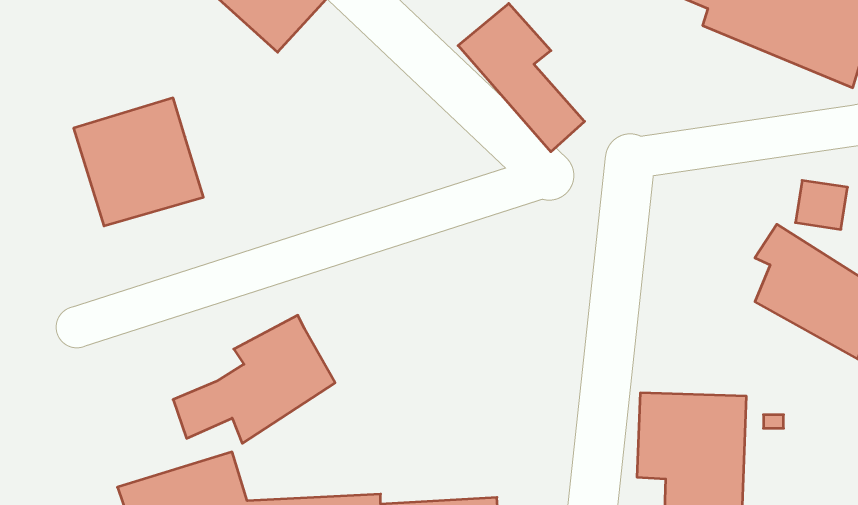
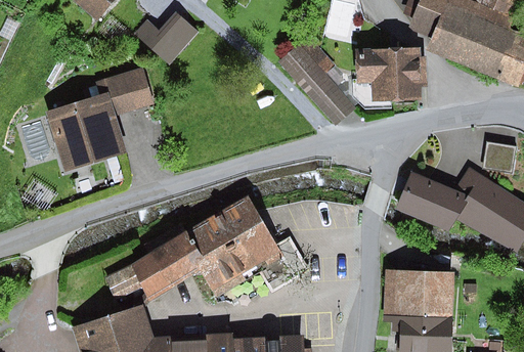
building: none -> [354,47,426,101]
building: none -> [101,68,155,117]
building: none -> [400,173,468,231]
building: none -> [185,197,309,291]

